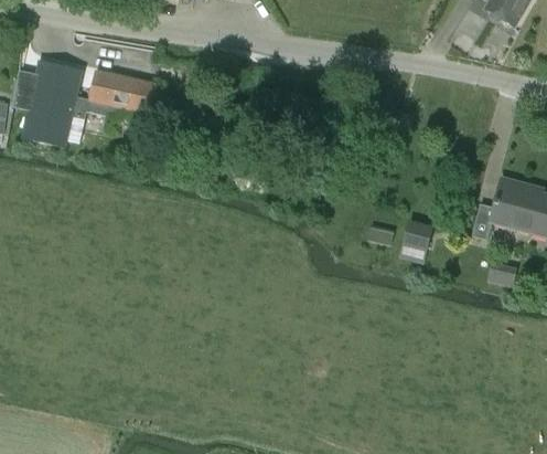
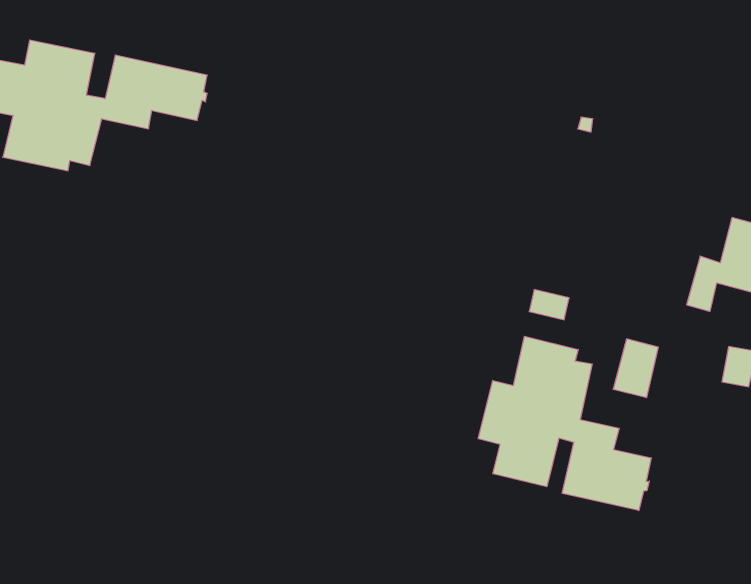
building: [400,222,430,261] -> [613,339,658,398]
building: none -> [478,336,651,511]

